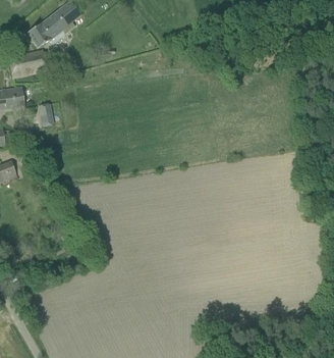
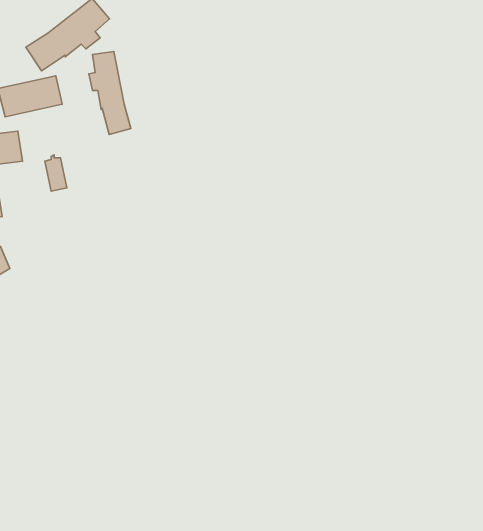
building: none -> [89,51,131,135]

